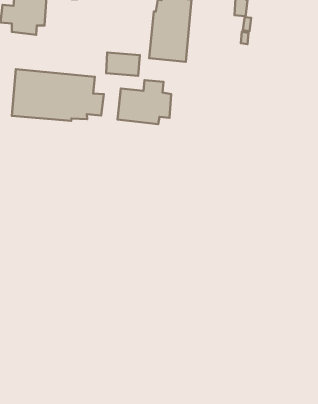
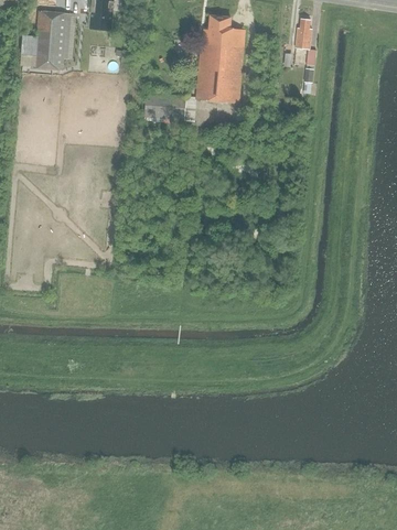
building: [12,69,104,121] -> none
building: [118,80,171,124] -> none

